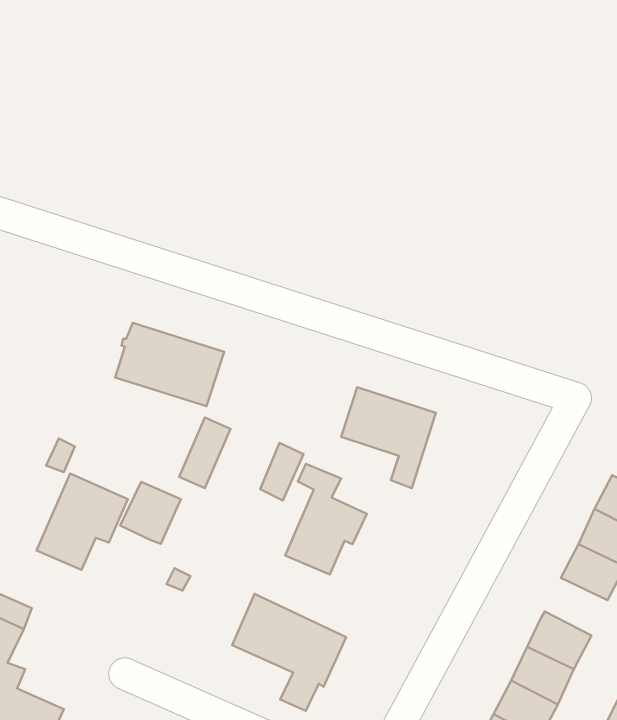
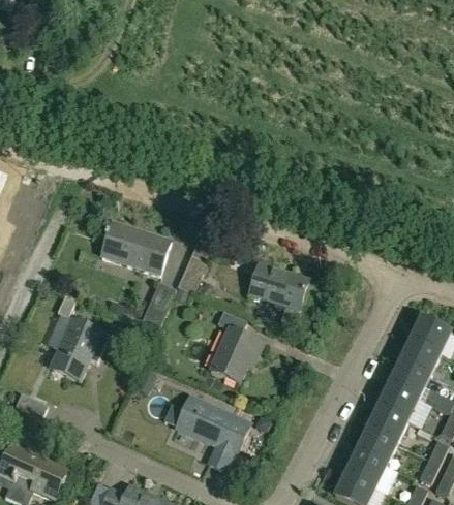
building: [260,443,304,500] -> [178,256,206,293]
building: [120,482,181,544] -> none
building: none -> [377,385,418,422]

